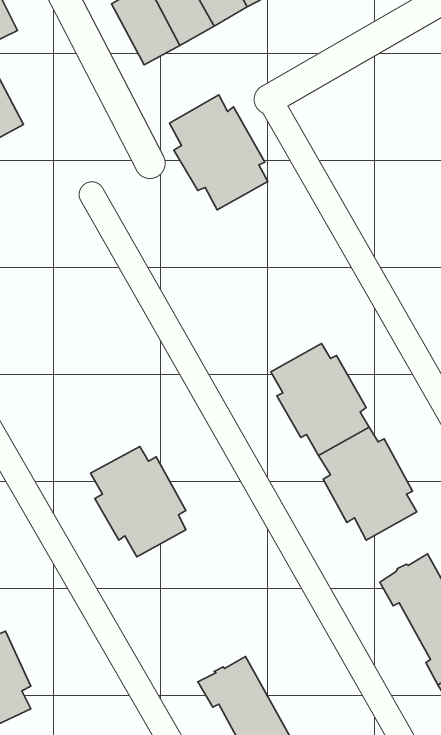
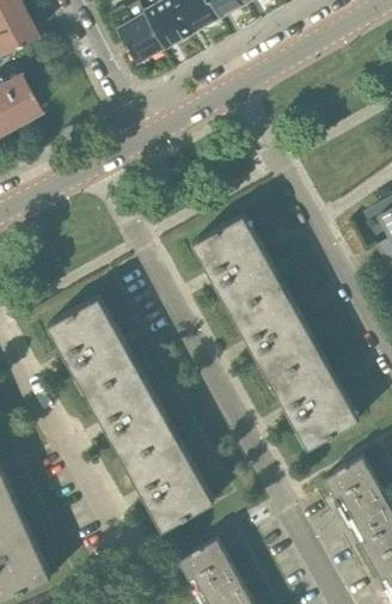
building: [169,95,268,210] -> [198,218,277,310]
building: none -> [53,299,131,391]
building: none -> [129,437,208,526]

